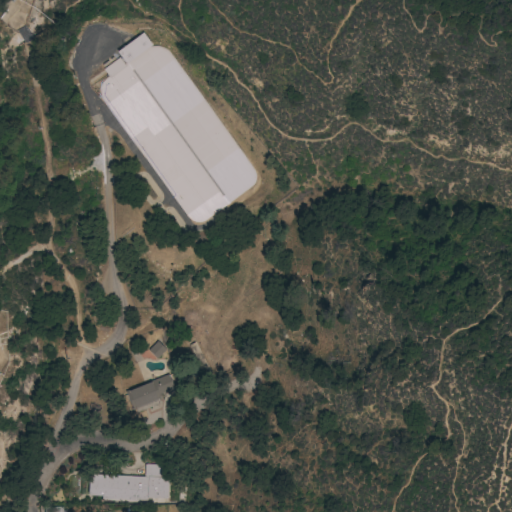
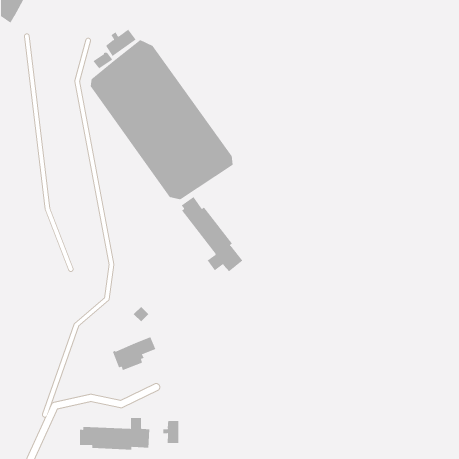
building: none -> [181,196,243,272]
building: none -> [163,420,179,444]

